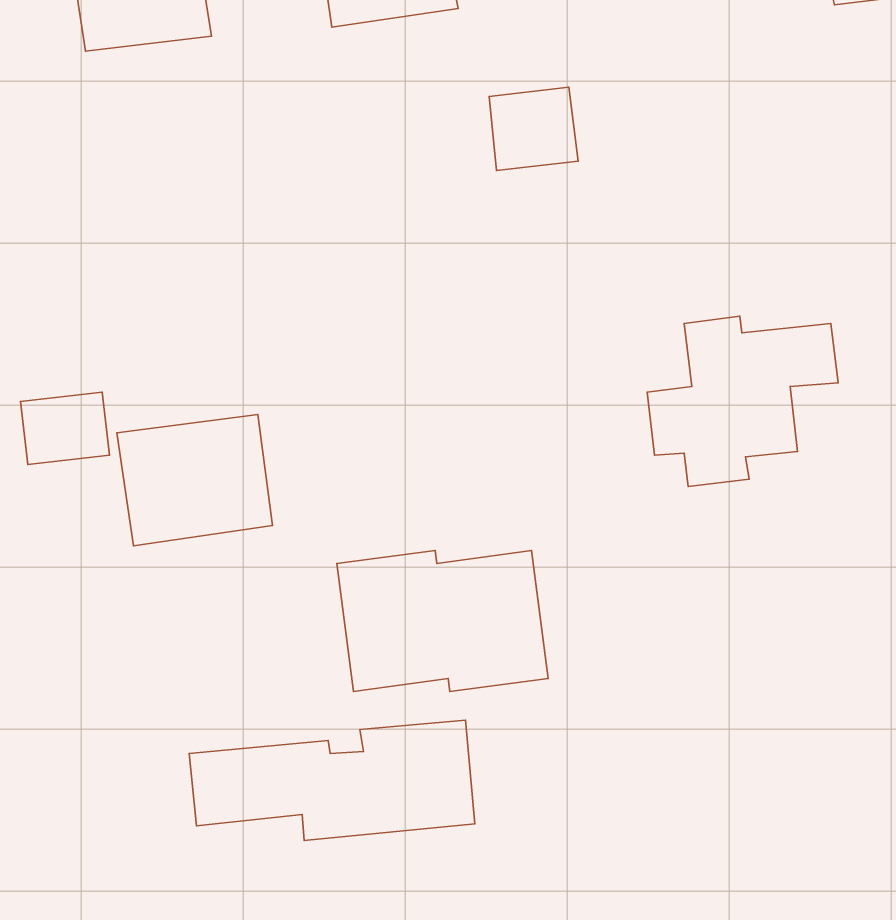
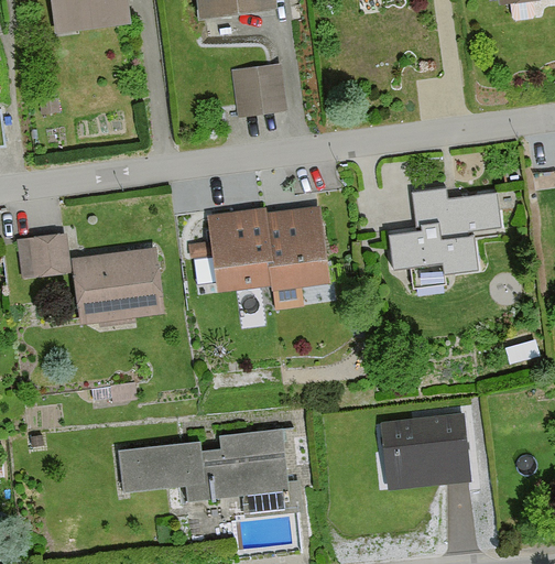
building: [489,87,578,171] -> [232,64,285,113]
building: [337,551,548,691] -> [207,206,333,290]
building: none -> [382,413,470,488]

